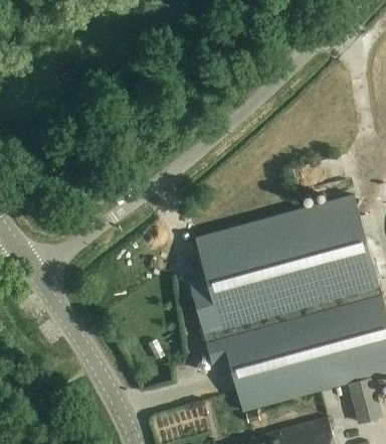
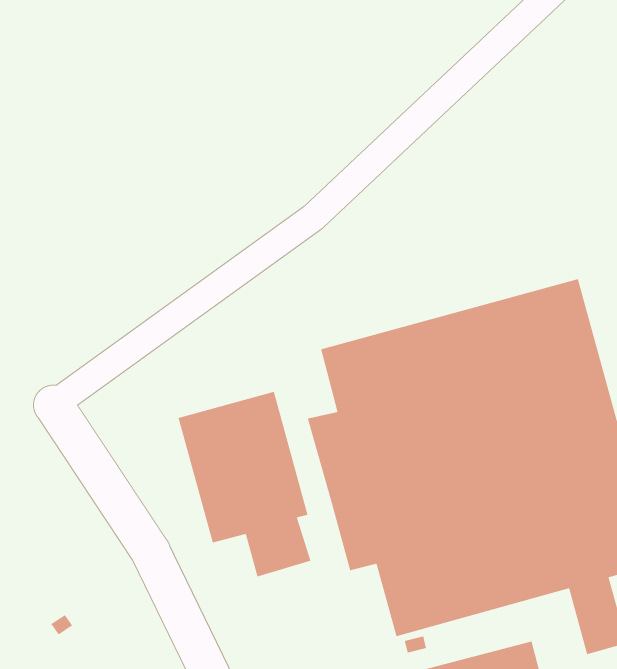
building: none -> [177,391,311,577]

